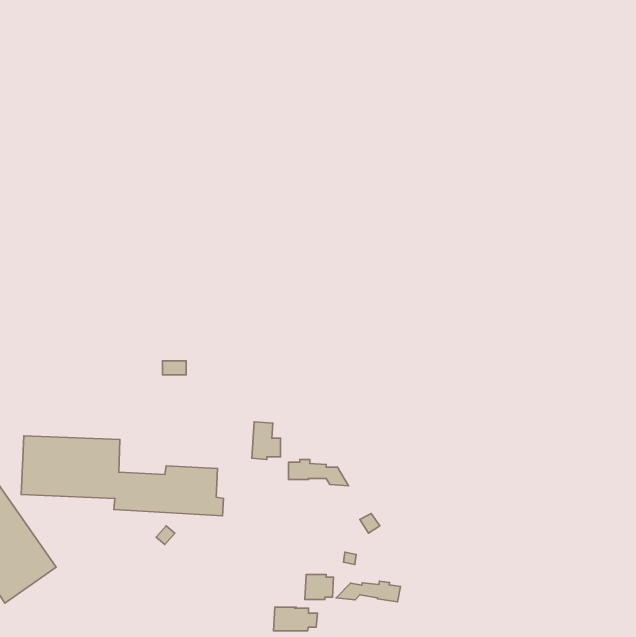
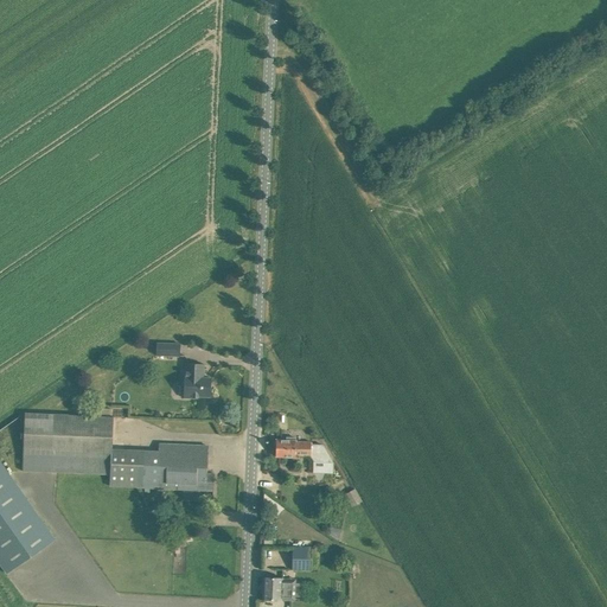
building: [252,422,280,459] -> [181,362,209,397]
building: [336,581,400,602] -> none

